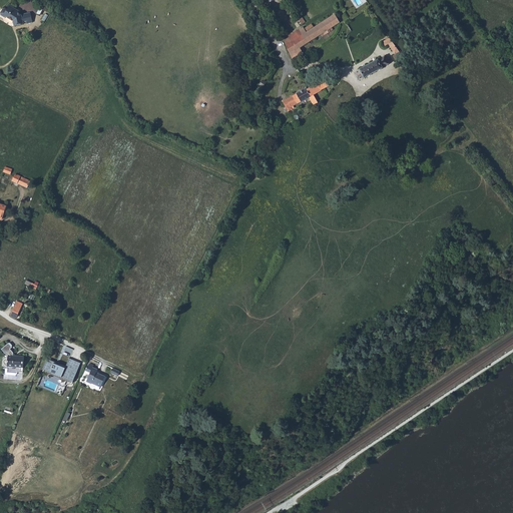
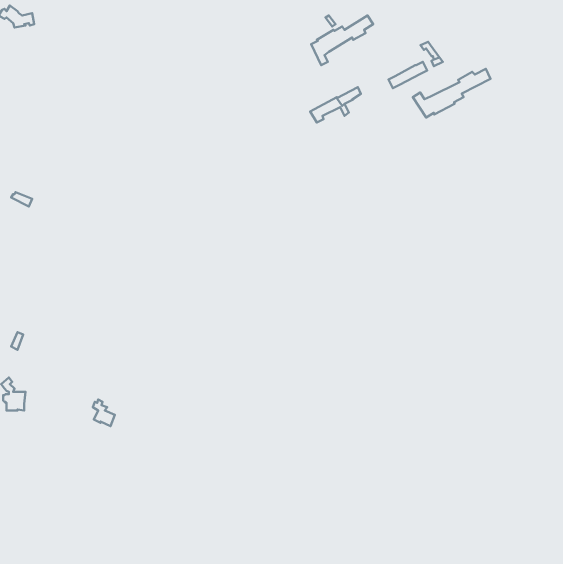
building: none -> [413,69,491,117]
building: [42,358,80,382] -> none

